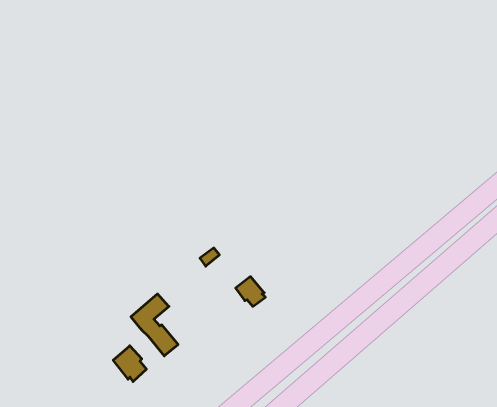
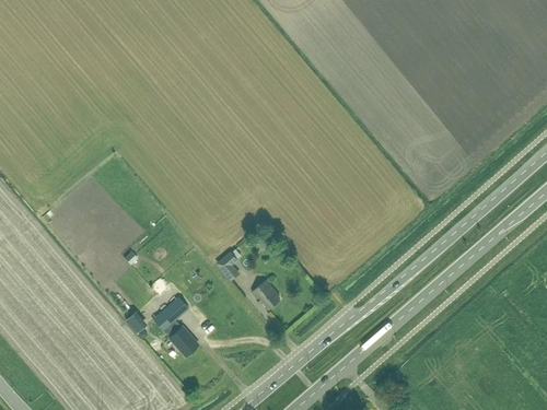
building: [113,346,146,382] -> none

